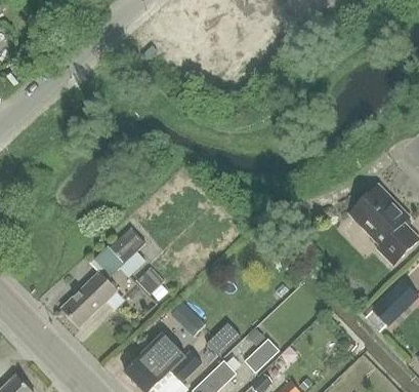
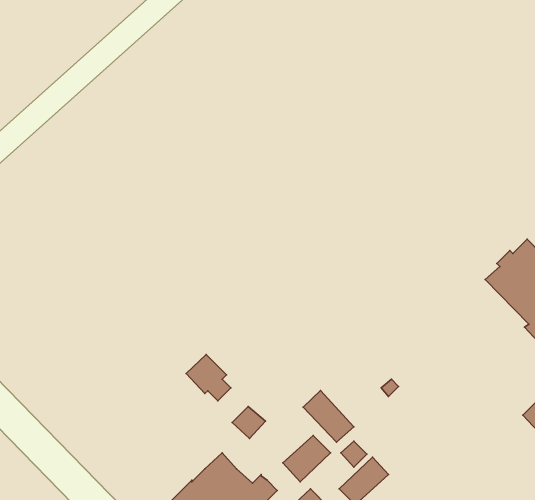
building: [108,227,144,276] -> none
building: [62,273,117,326] -> none
building: none -> [303,390,354,442]

